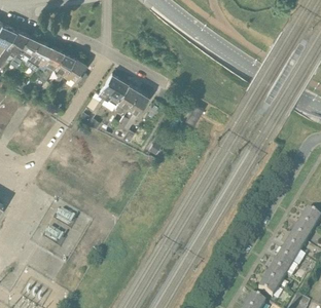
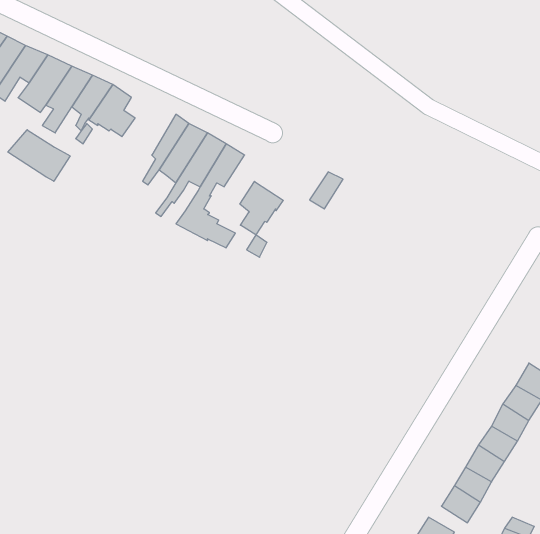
building: none -> [8,130,70,181]
building: none -> [240,181,283,235]

